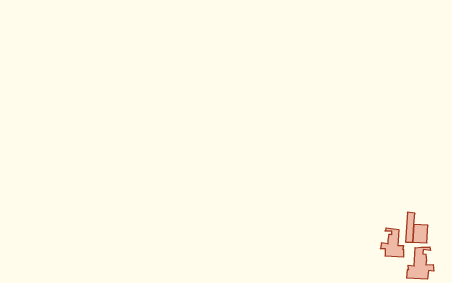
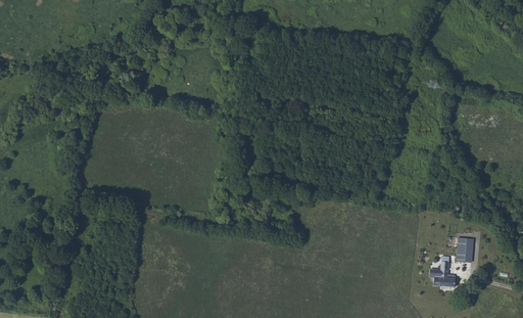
building: [407,247,434,279] -> none

